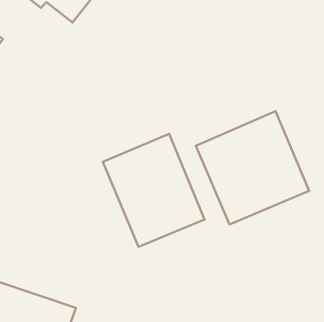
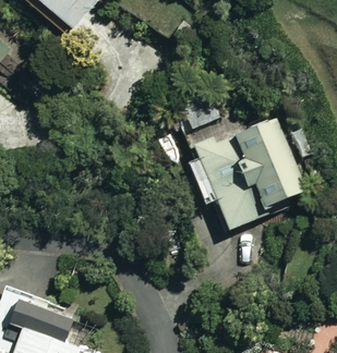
building: [103,134,204,247] -> none

